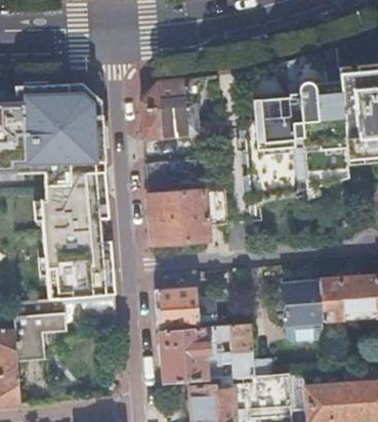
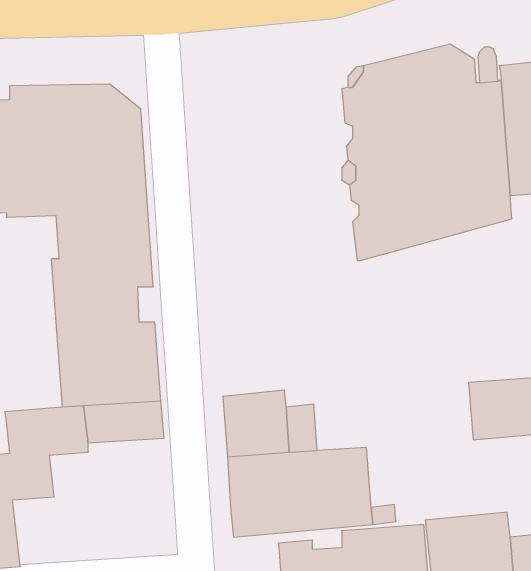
building: [140,79,187,138] -> none
building: [148,189,226,245] -> none
building: [283,282,322,325] -> none

